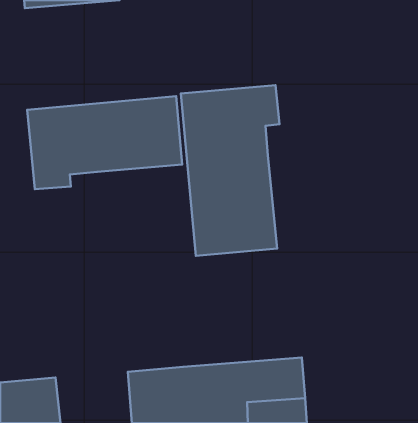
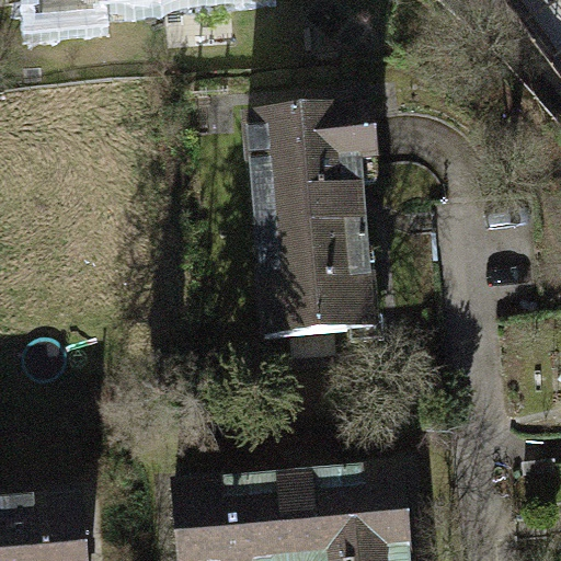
building: [27,96,182,189] -> none

